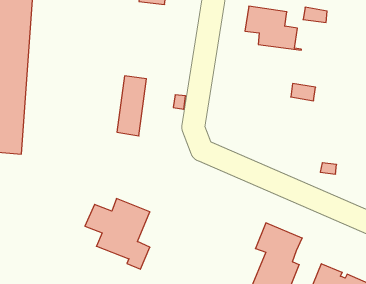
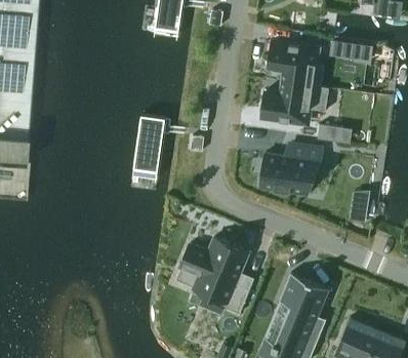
building: none -> [259,81,327,123]
building: none -> [258,143,322,194]
building: [85,199,150,269] -> [178,237,248,313]

